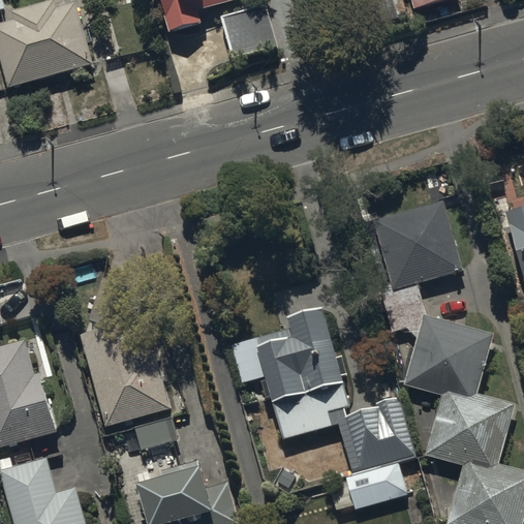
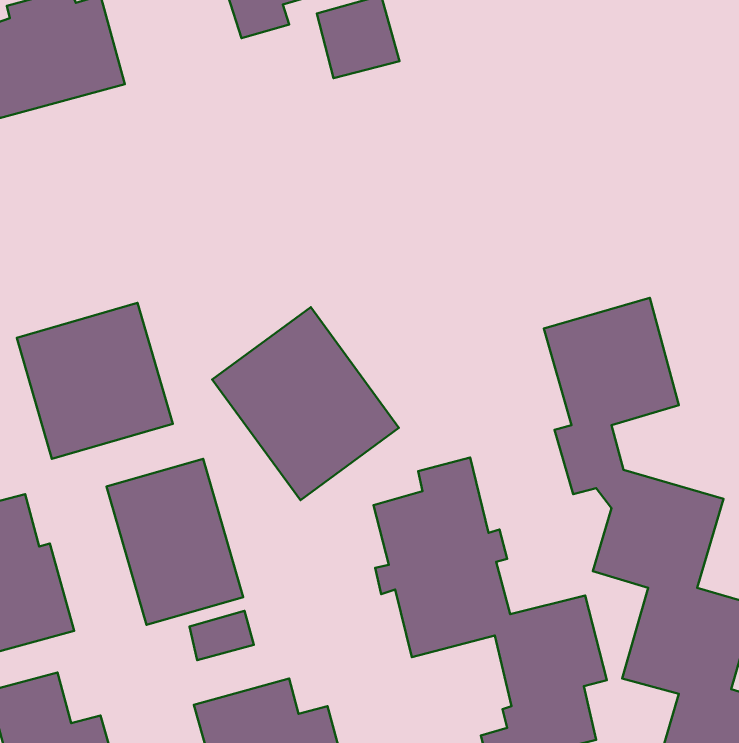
building: none -> [17,303,173,459]
building: none -> [212,307,399,500]

